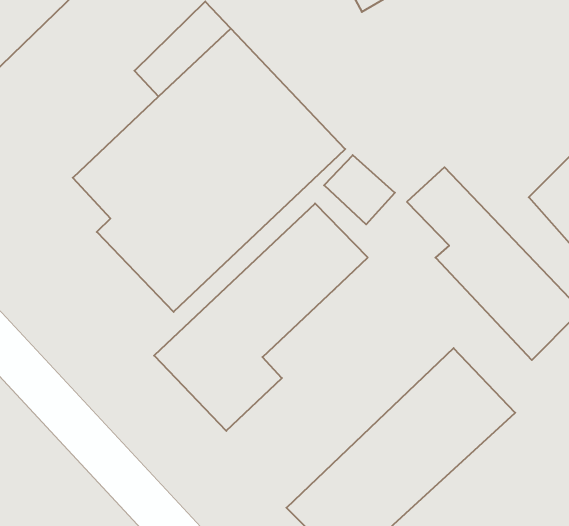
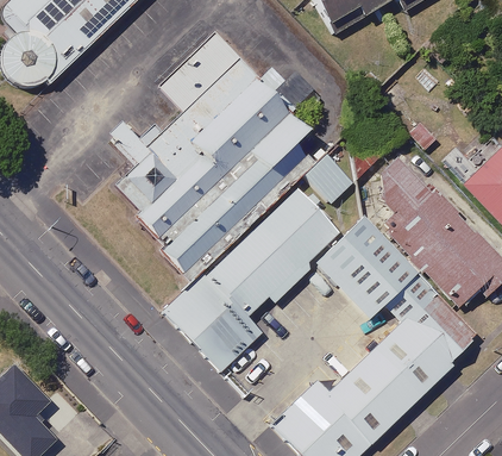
building: none -> [315,207,481,351]

